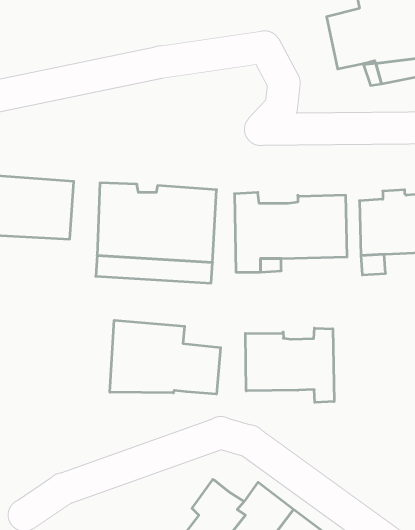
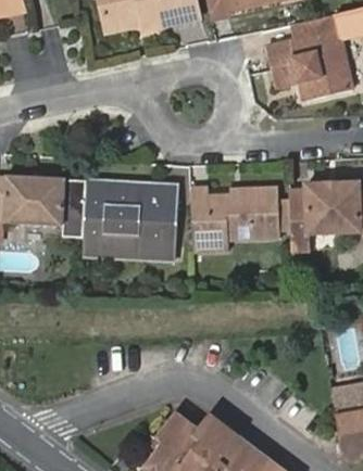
building: [110,320,221,394] -> none
building: [245,328,334,402] -> none

